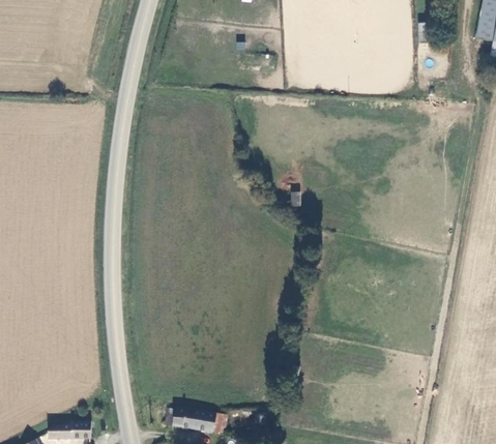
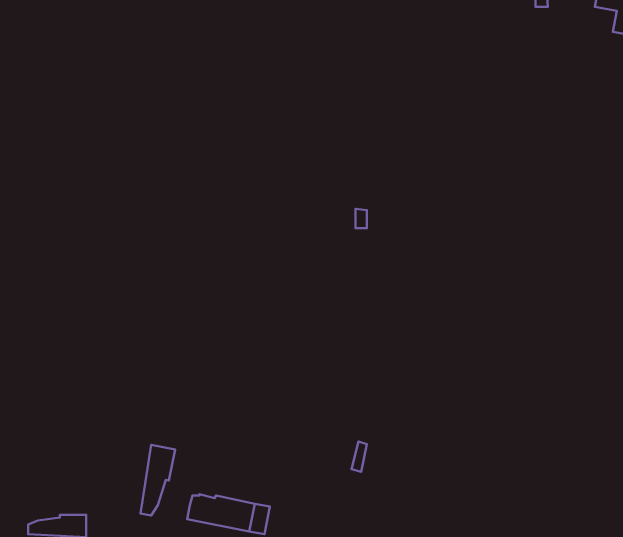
building: none -> [141,445,175,516]

